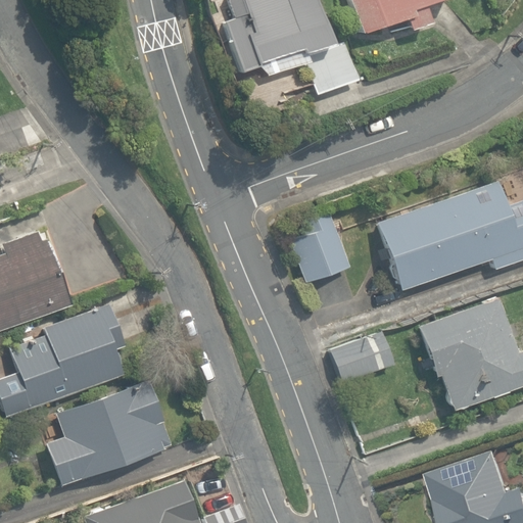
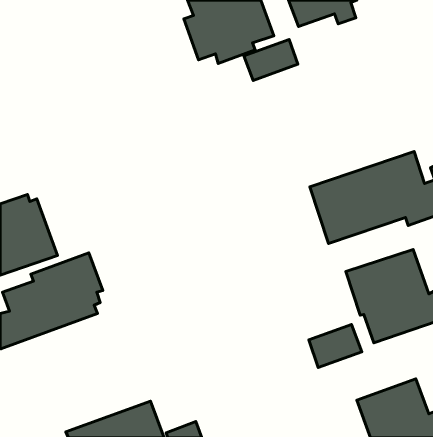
building: [291,213,350,284] -> none
building: [331,332,394,383] -> [309,325,362,367]
building: [44,380,173,486] -> none

